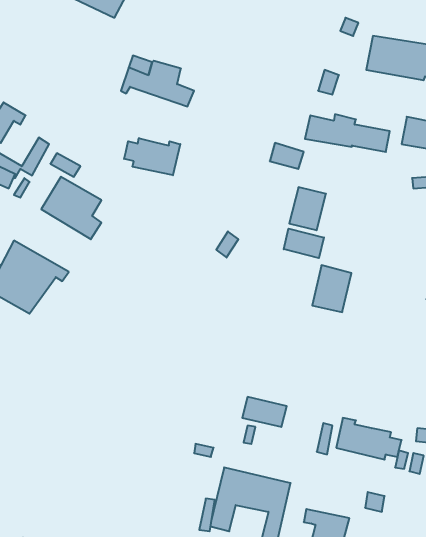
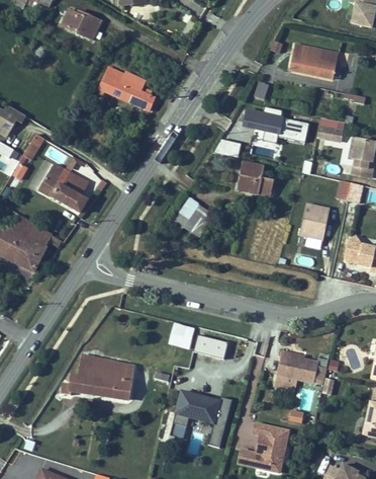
building: [124,138,180,175] -> none
building: [284,229,324,258] -> none
building: [312,265,351,312] -> [296,203,326,239]
building: none -> [174,323,198,347]
building: none -> [64,353,138,398]

